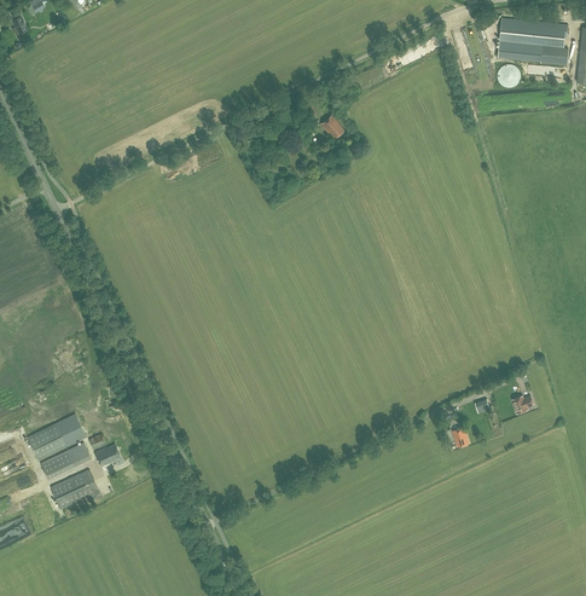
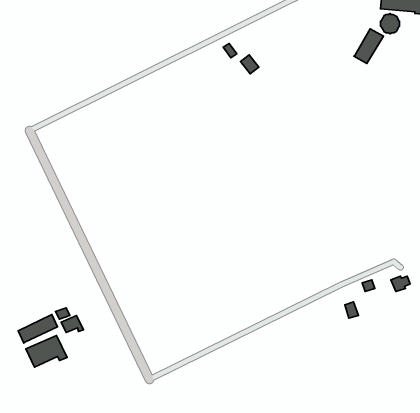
building: none -> [354,29,383,64]
building: [28,413,87,459] -> none

